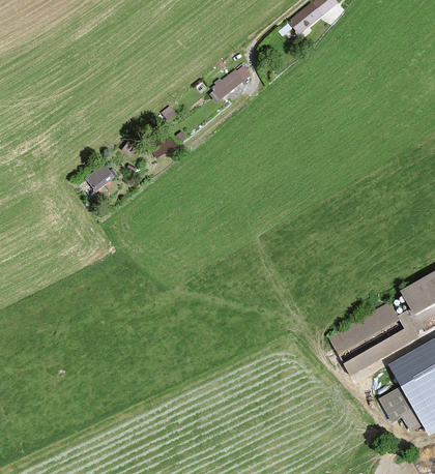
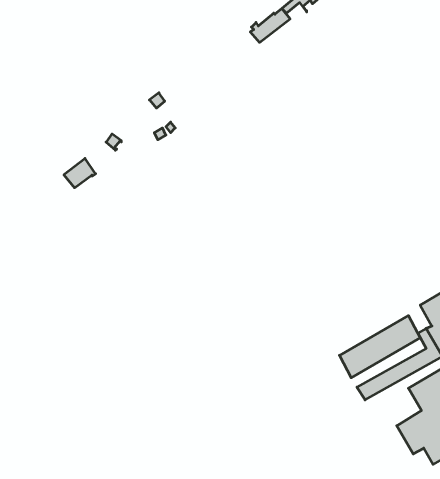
building: [214,65,250,95] -> [250,8,290,42]

